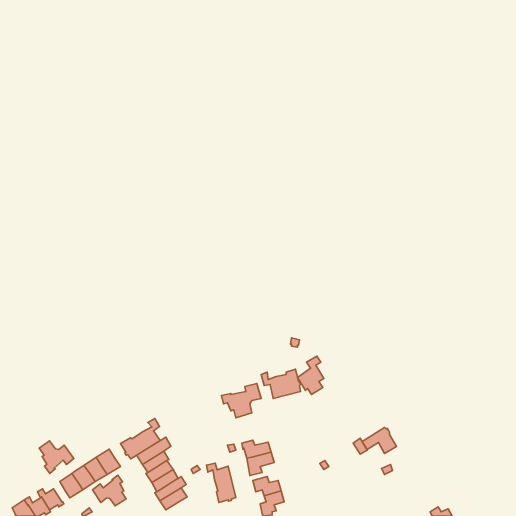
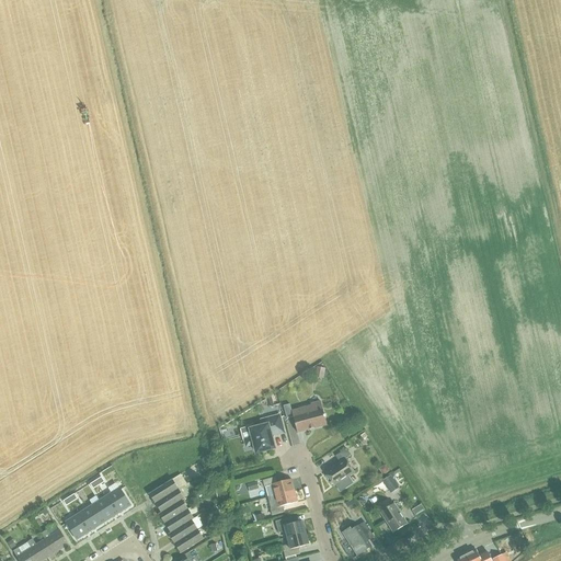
building: [297,356,324,395] -> [324,448,353,490]
building: [120,419,160,459] -> none
building: [362,427,397,454] -> [368,503,405,531]
building: [39,441,74,473] -> none
building: [206,463,236,502] -> none
building: [92,475,126,506] -> none
building: none -> [342,520,371,554]

